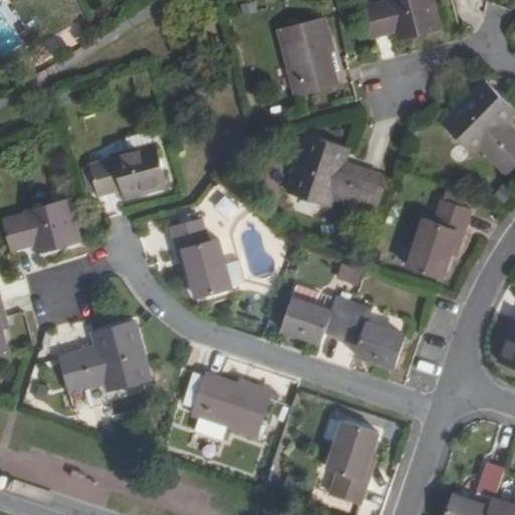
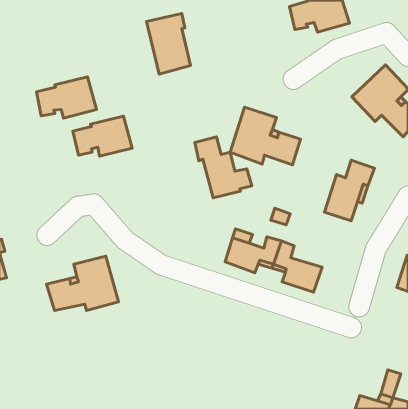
building: [279,18,334,95] -> [146,13,191,74]
building: [4,199,79,251] -> [36,77,96,118]
building: [173,220,244,297] -> [195,137,252,198]
building: [193,374,271,436] -> none
building: [329,422,376,505] -> none

